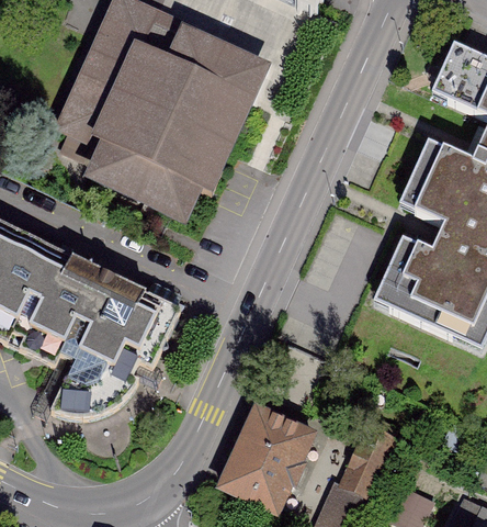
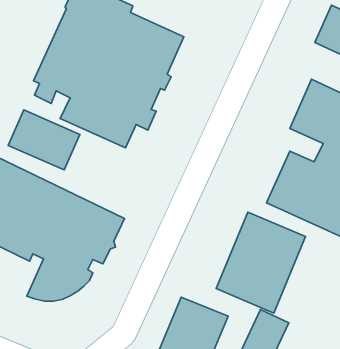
building: none -> [8,110,80,170]
building: none -> [216,212,306,313]

